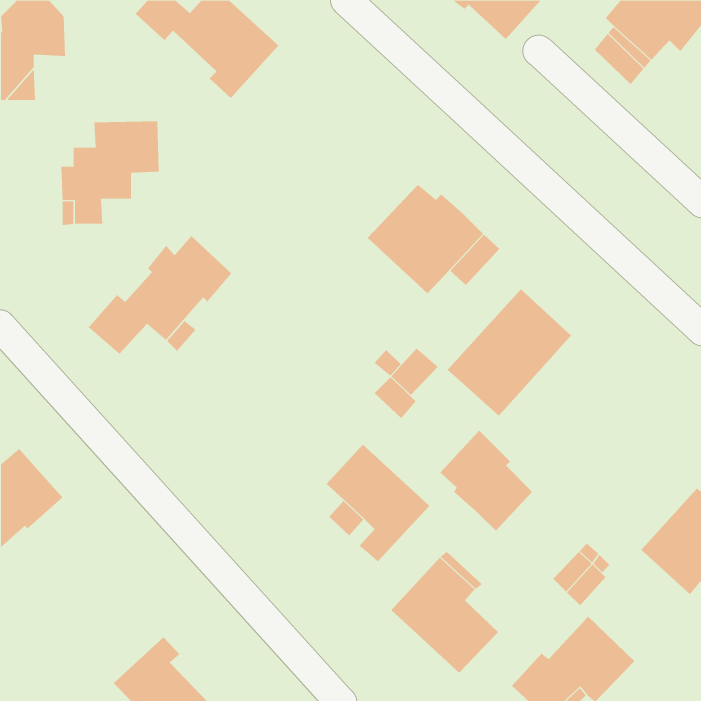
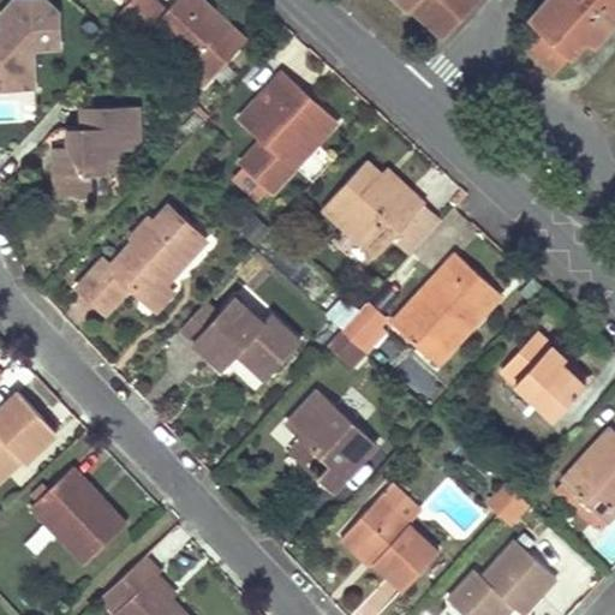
building: none -> [239,72,336,192]
building: none -> [193,297,301,378]
building: [439,430,533,532] -> [502,332,584,420]
building: none -> [31,467,126,563]

